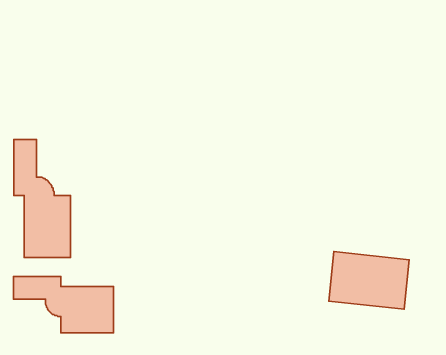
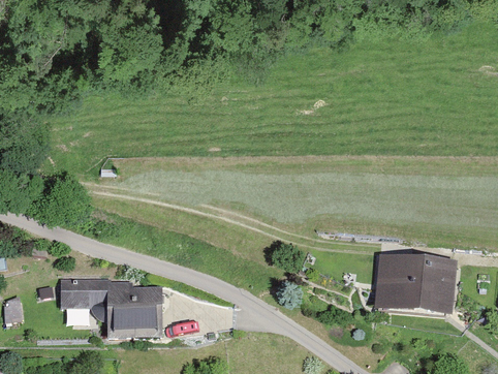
building: [14,139,71,258] -> none

